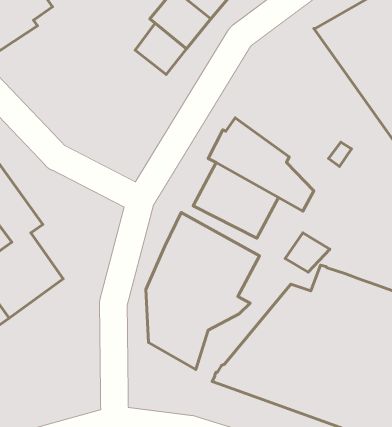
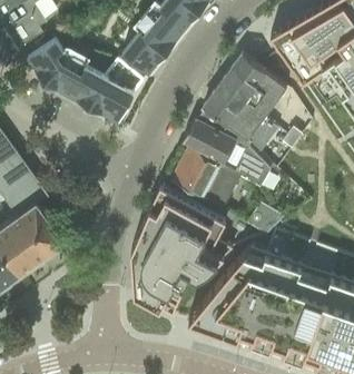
building: none -> [30,39,146,121]
building: none -> [205,55,288,152]

